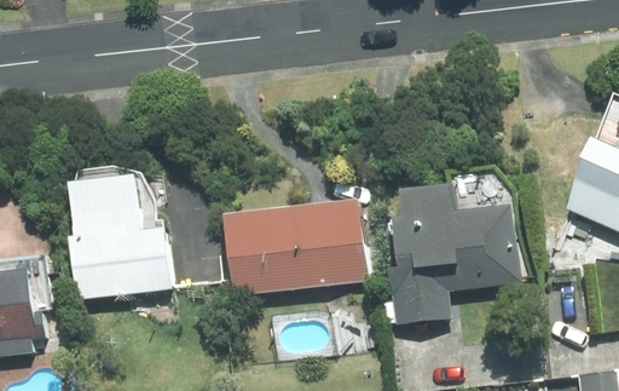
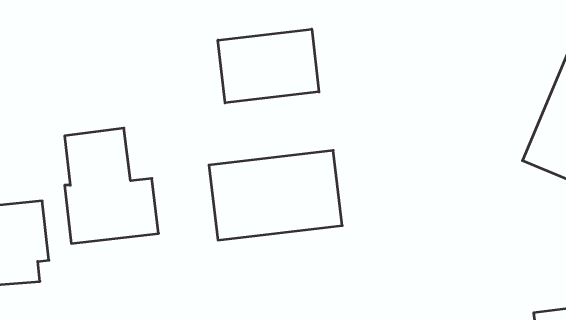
building: none -> [218,29,319,103]
building: [388,184,523,323] -> none

